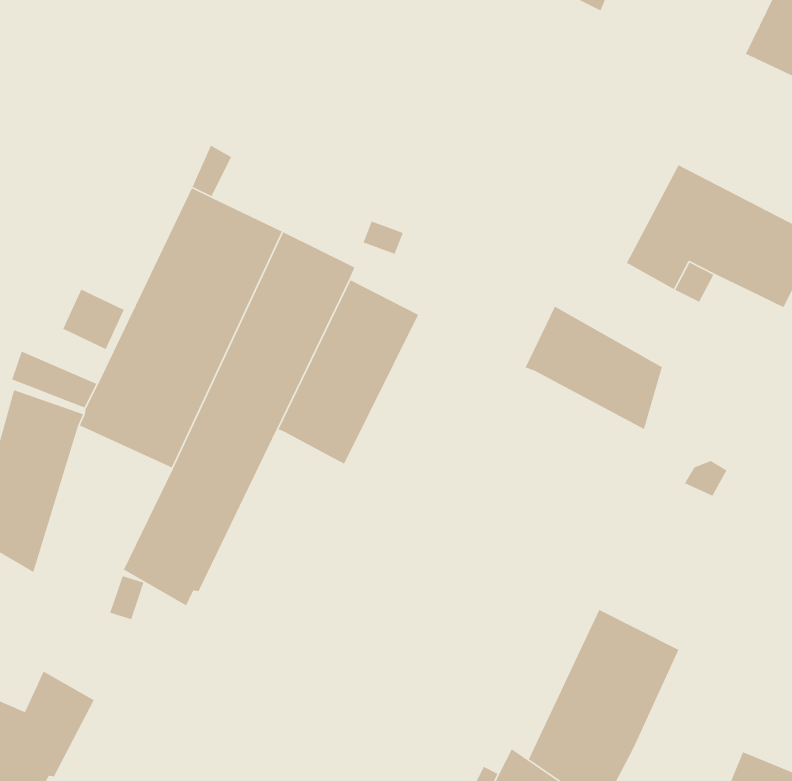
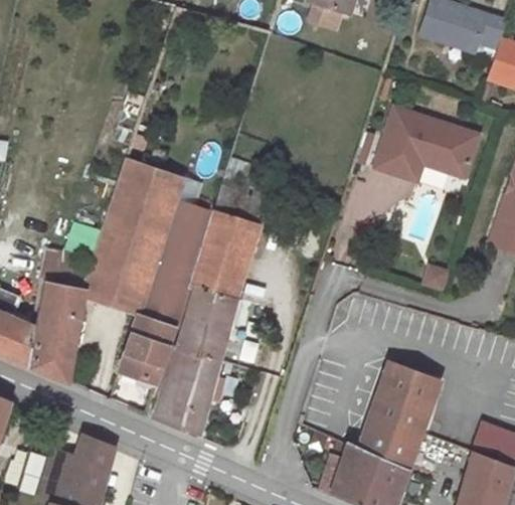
building: [524,306,663,430] -> none
building: none -> [155,286,234,440]

